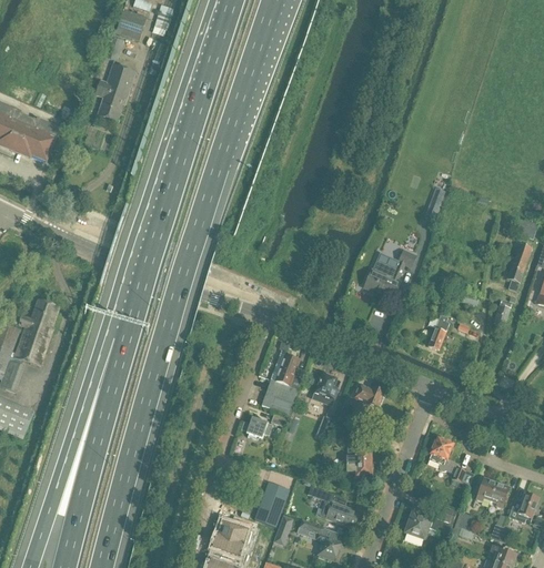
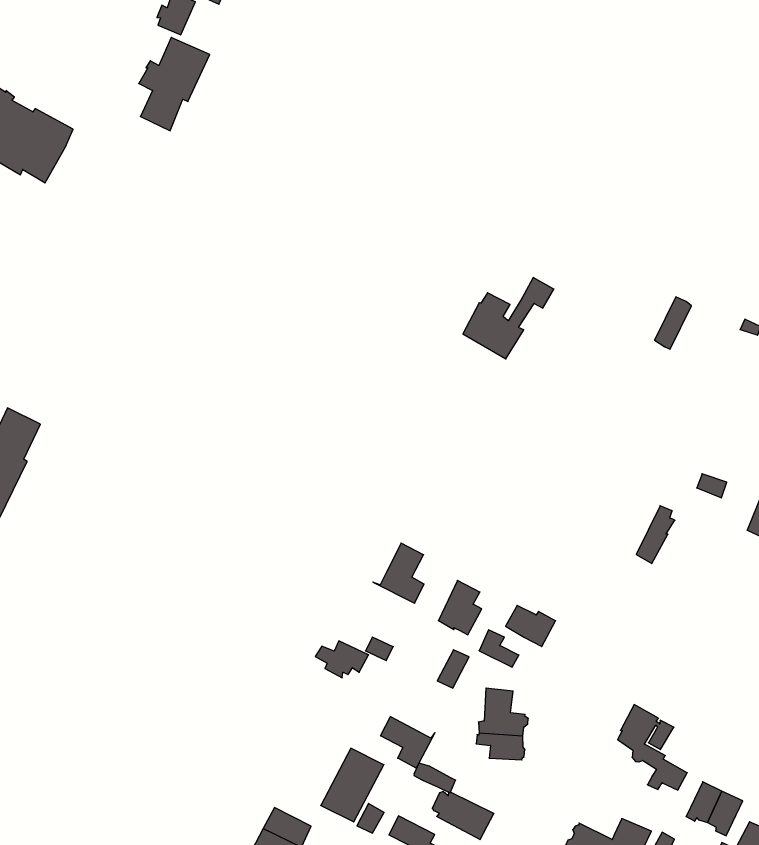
building: [363,247,415,298] -> [463,278,554,359]
building: [261,378,296,413] -> none
building: none -> [381,717,435,768]

